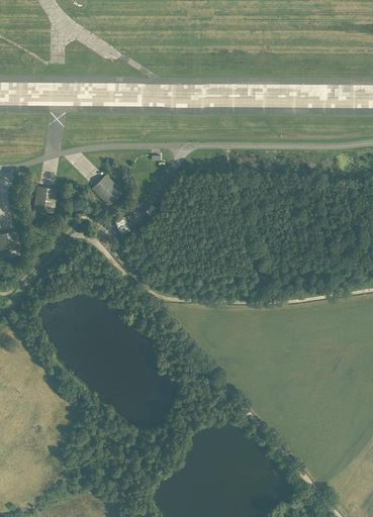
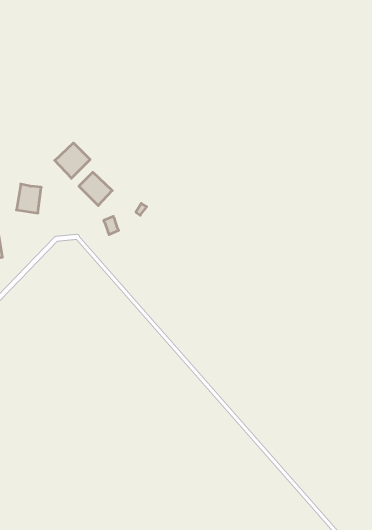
building: none -> [55,143,90,178]

